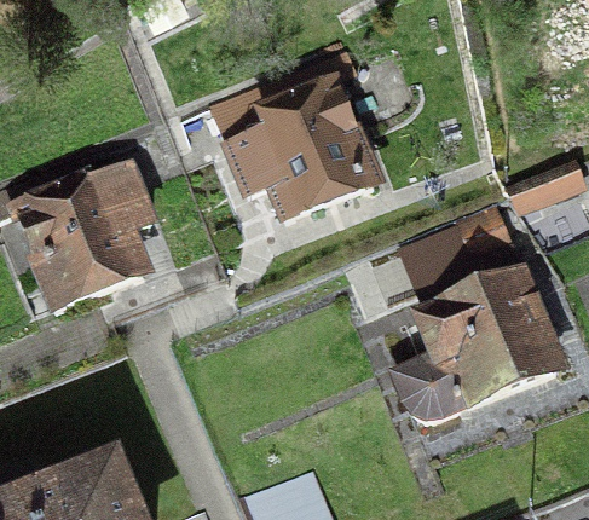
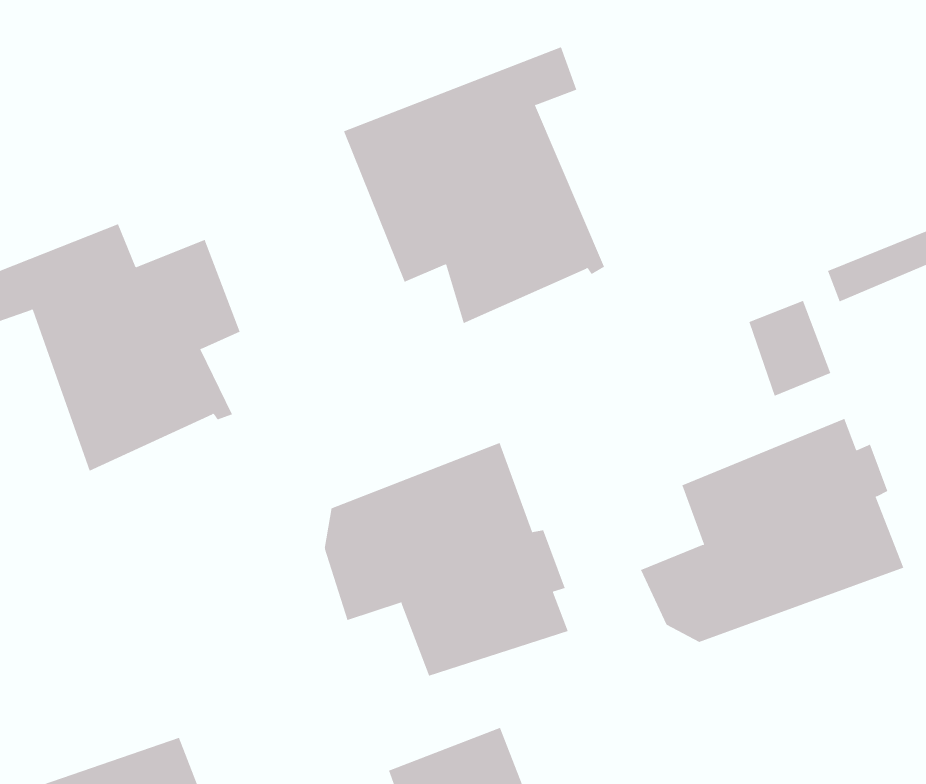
building: none -> [324,442,568,677]

